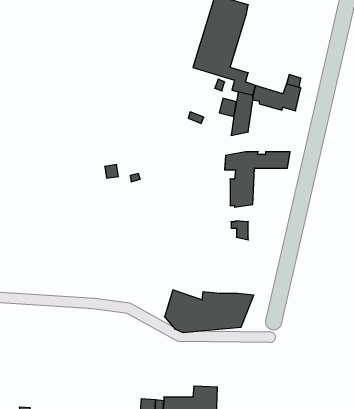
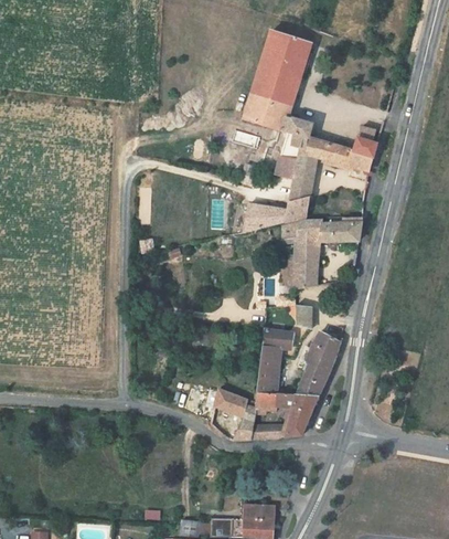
building: none -> [244,195,311,230]
building: none -> [261,327,292,347]
building: none -> [298,329,340,393]
building: none -> [256,357,280,392]

